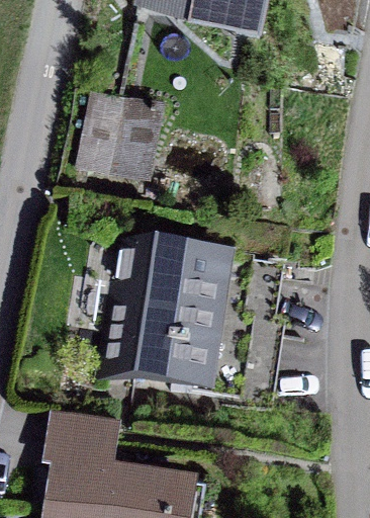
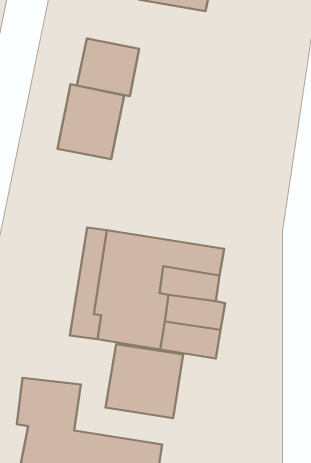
building: none -> [77,38,139,96]
building: none -> [105,344,183,418]

